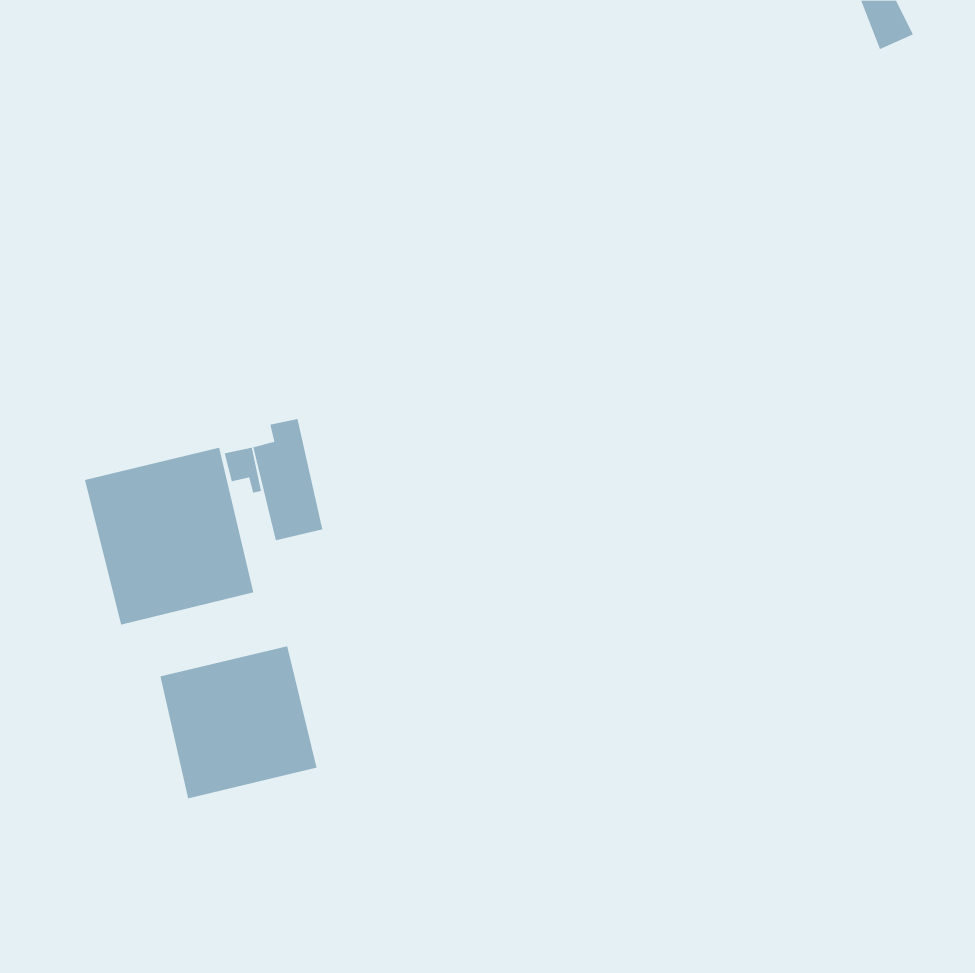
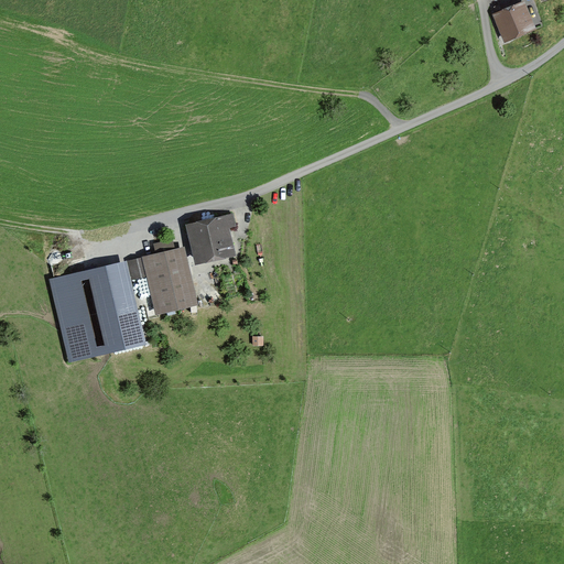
building: none -> [189,218,231,259]
building: [160,646,317,799] -> none

